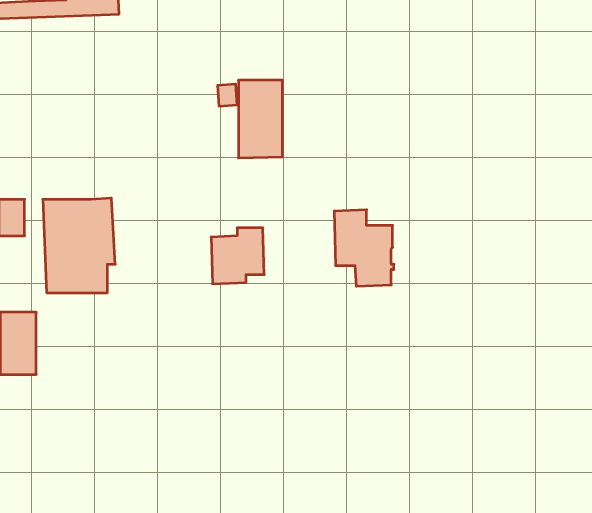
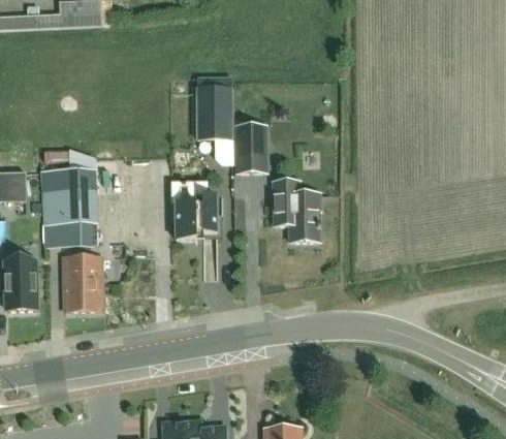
building: none -> [235,123,265,169]
building: none -> [64,254,102,310]

